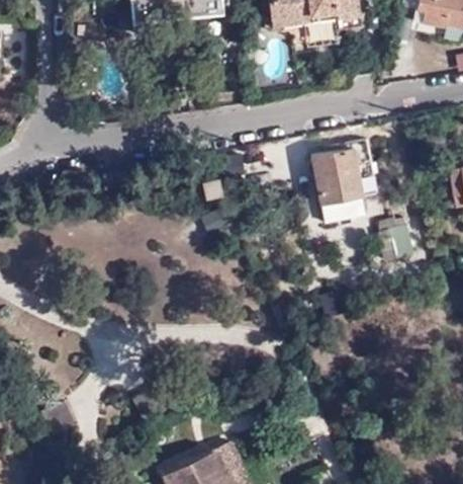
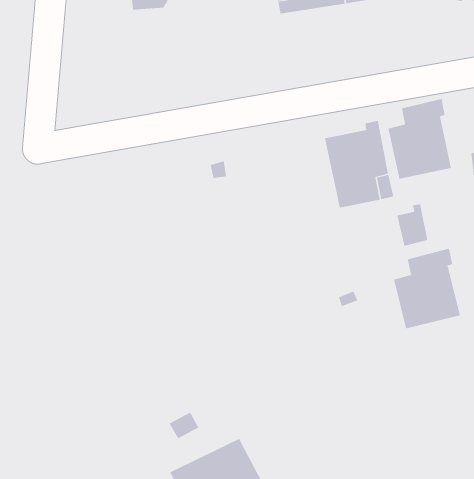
building: none -> [388,98,452,180]
building: none -> [393,248,460,329]

